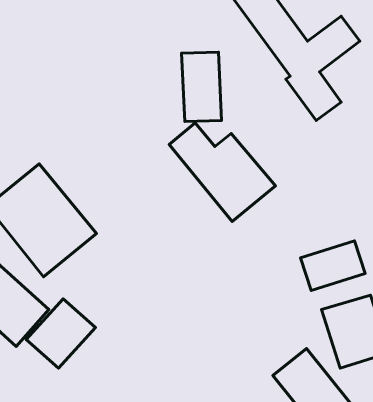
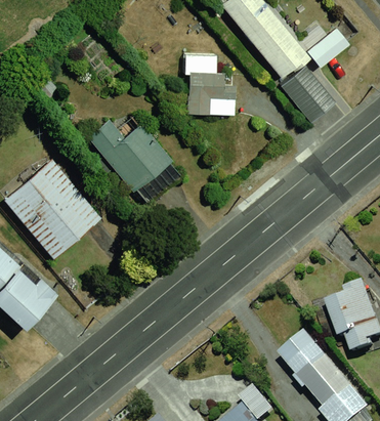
building: [169,123,276,221] -> [86,118,186,211]
building: [300,241,365,290] -> none
building: [26,299,96,368] -> none

